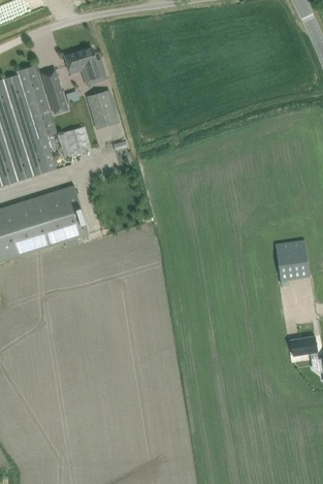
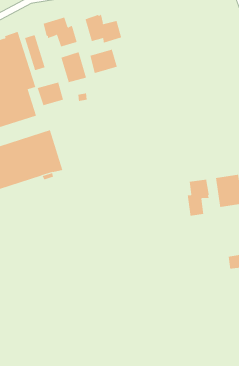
building: none -> [85,14,122,43]
building: none -> [90,49,118,74]
building: none -> [187,179,210,216]

